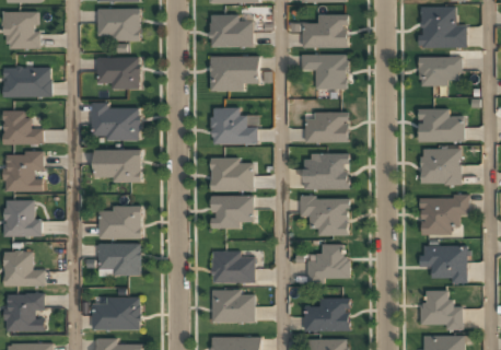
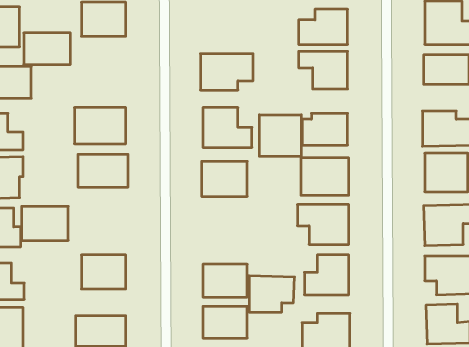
building: [210,15,254,46] -> none
building: [97,58,141,88] -> [24,33,70,64]
building: none -> [259,115,301,156]
building: [211,195,254,229] -> [249,276,295,312]
building: [98,207,142,238] -> [22,206,68,240]

